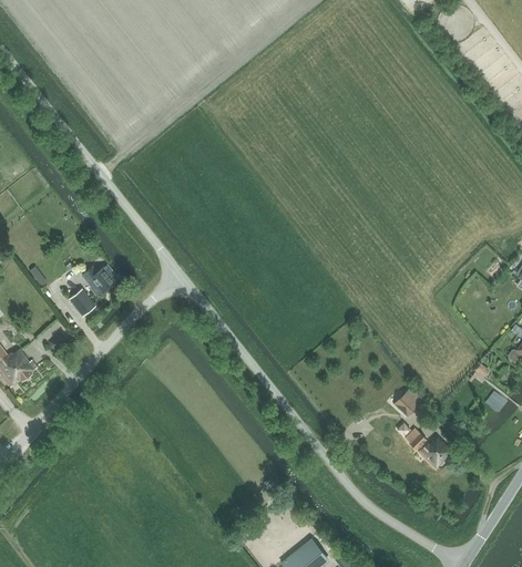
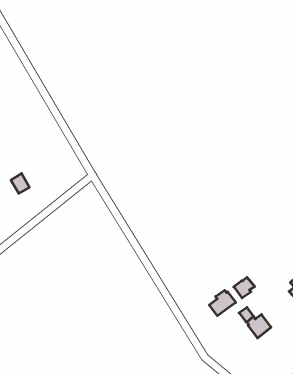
building: [82,266,115,295] -> none
building: none -> [209,290,236,316]

